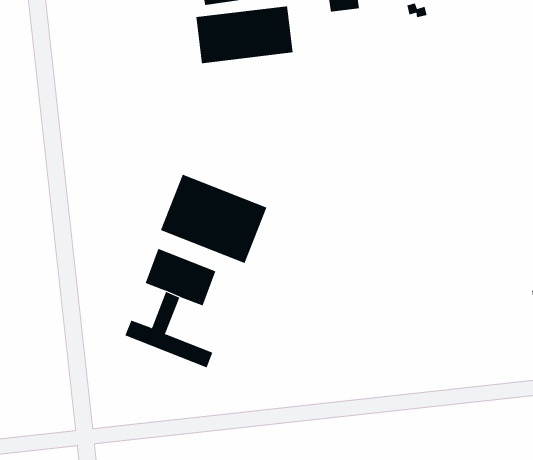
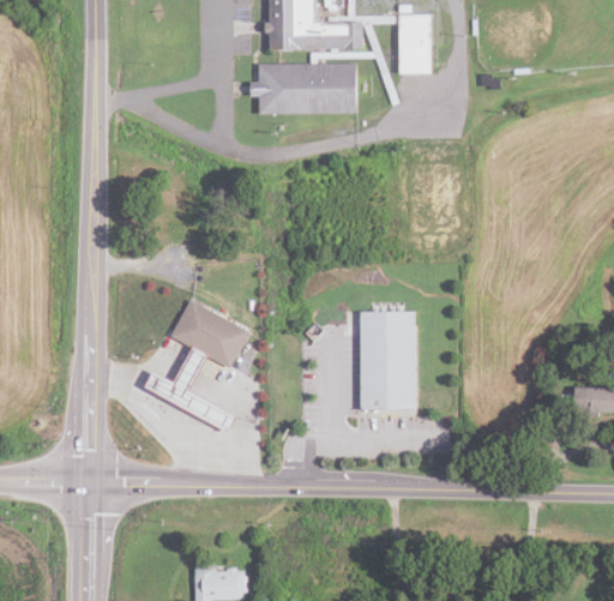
building: [160,174,267,264] -> none
building: none -> [360,311,414,408]

